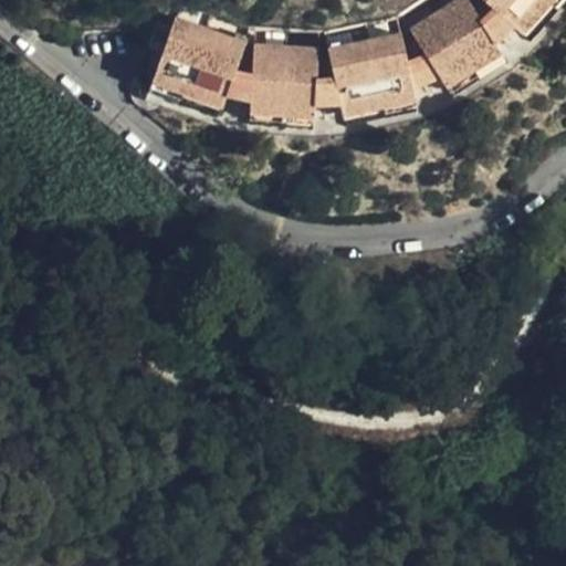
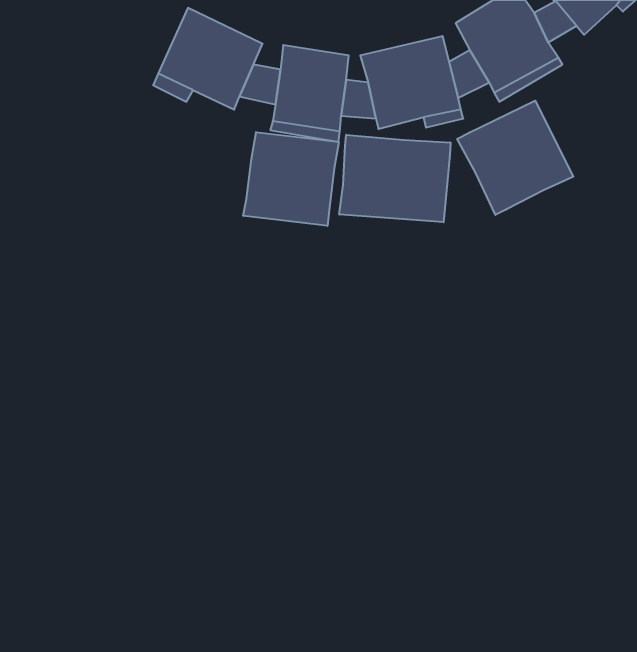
building: none -> [457,101,573,215]
building: none -> [243,132,339,226]
building: none -> [339,135,450,222]

